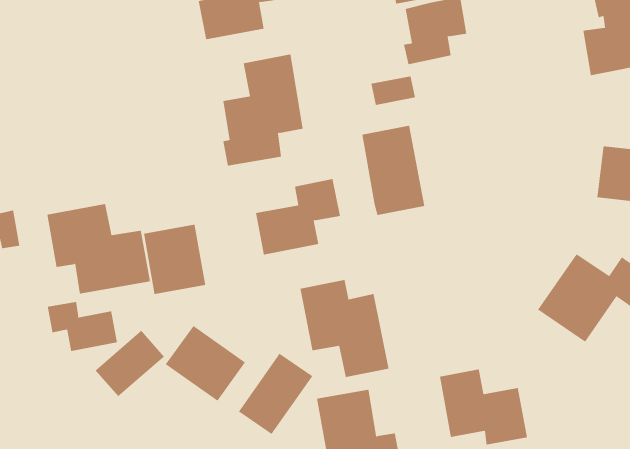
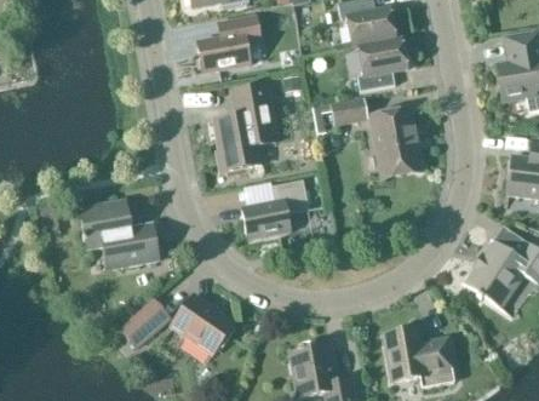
building: [361,125,425,216] -> [372,108,422,178]
building: [143,224,206,295] -> none
building: [300,279,389,378] -> none
building: [47,301,117,352] -> none
building: [238,353,313,435] -> none

